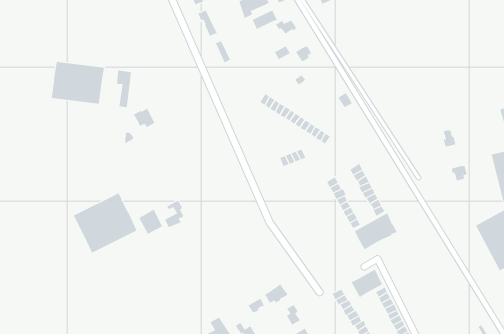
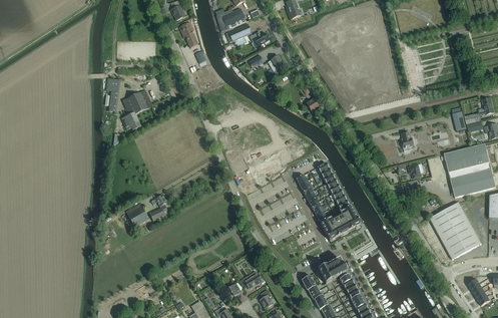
building: [51,61,104,104] -> none
building: none -> [123,89,152,114]
building: [73,192,137,253] -> none

